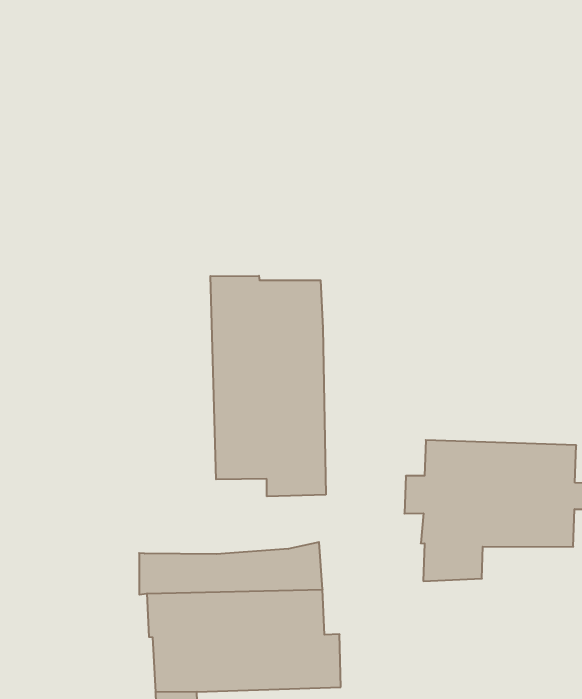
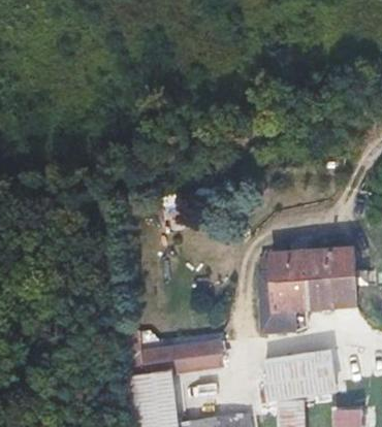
building: [210,276,326,496] -> none
building: none -> [250,348,332,391]

